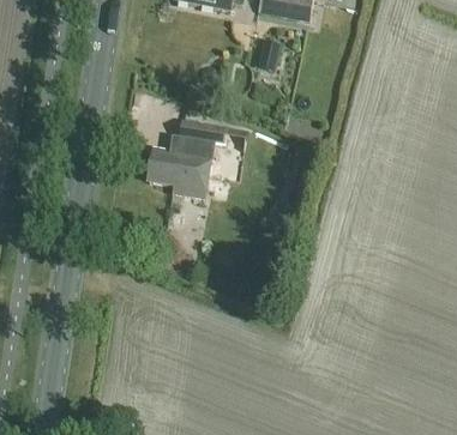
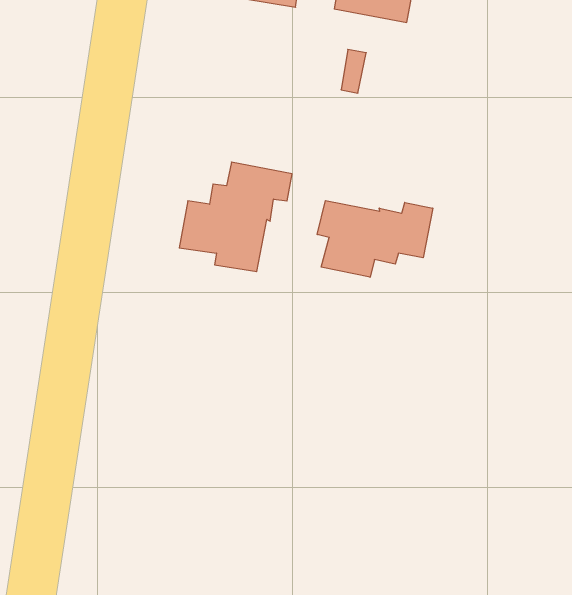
building: none -> [317,201,433,277]

